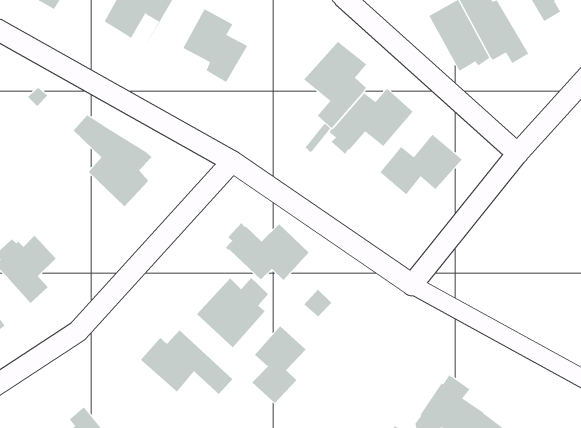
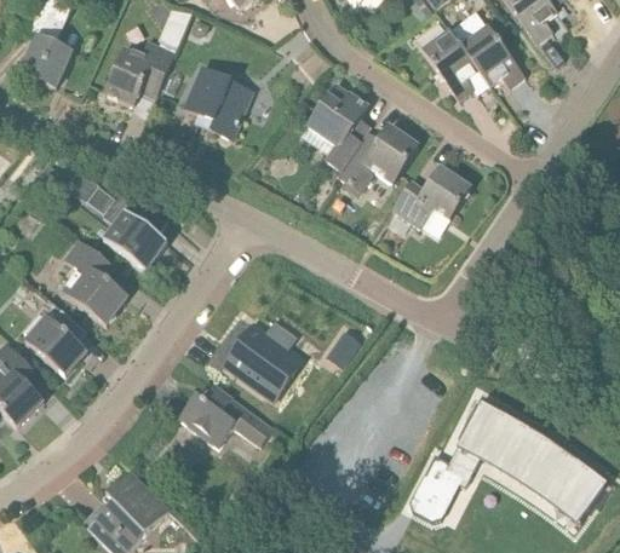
building: none -> [62,238,127,323]
building: [225,222,310,281] -> none
building: [252,325,306,404] -> none

